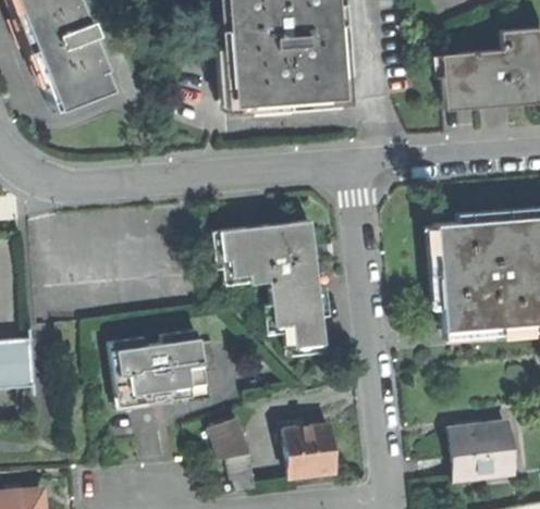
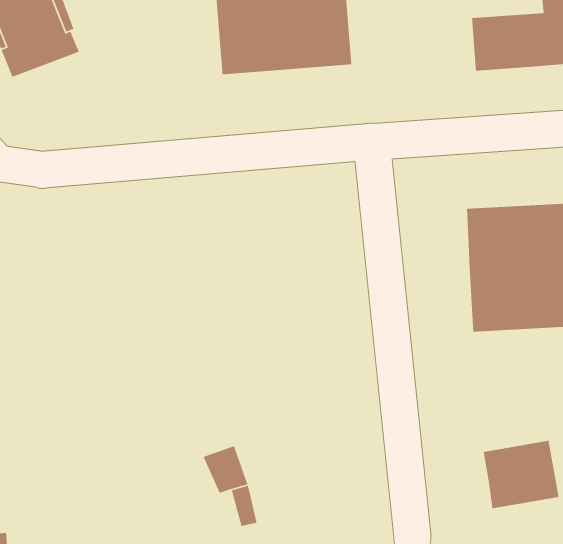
building: [224,225,327,350] -> none
building: [110,331,220,396] -> none
building: [289,429,340,481] -> none

